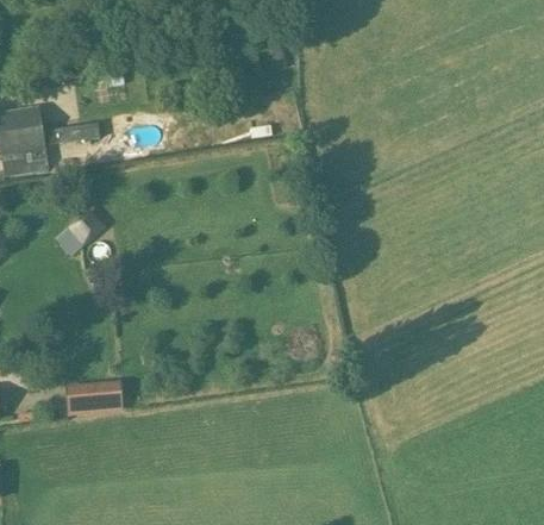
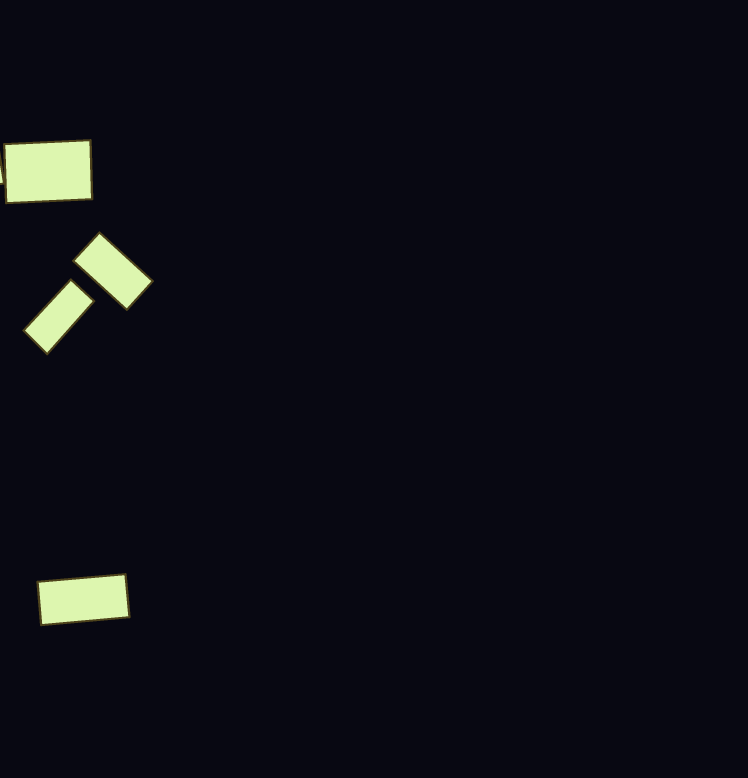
building: none -> [73,232,153,310]

